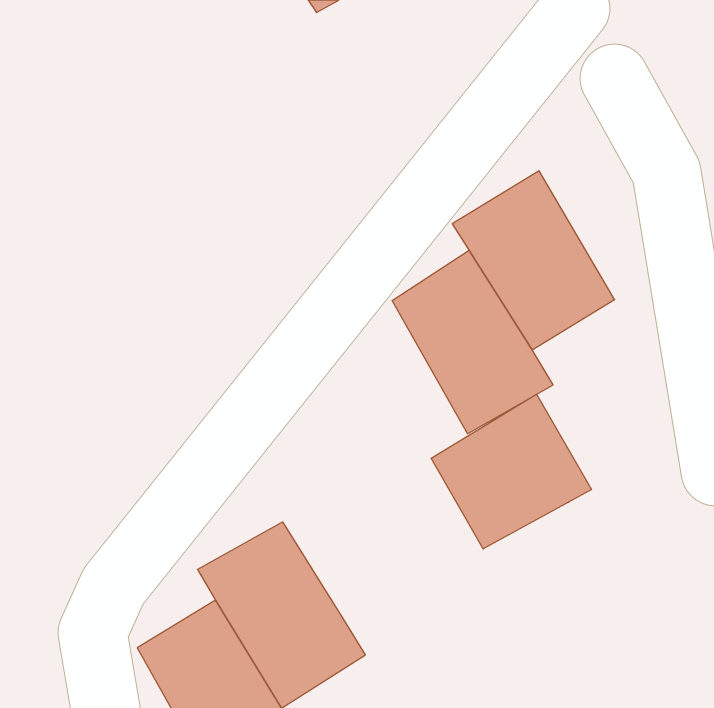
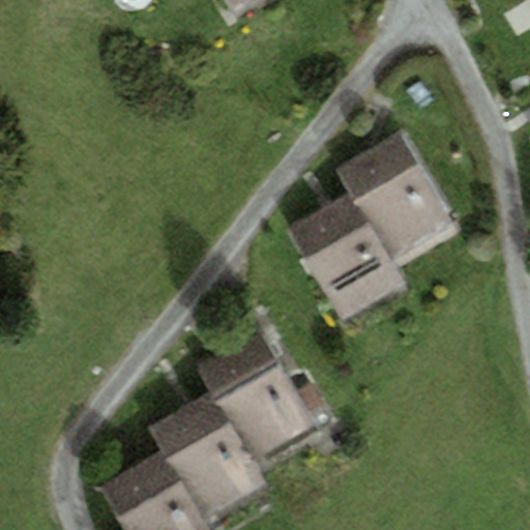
building: [431,394,591,549] -> none
building: none -> [196,330,315,463]

